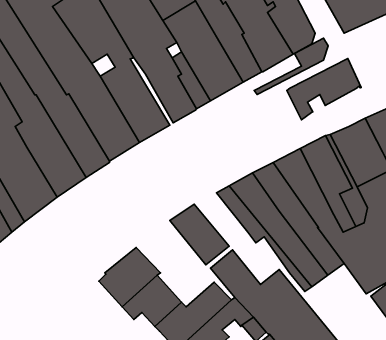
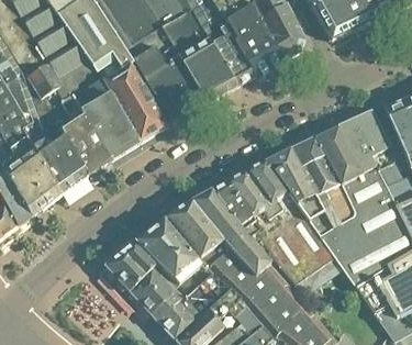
building: [254,38,328,94] -> none
building: [287,58,361,120] -> none
building: none -> [190,189,270,276]
building: none -> [135,219,196,279]

